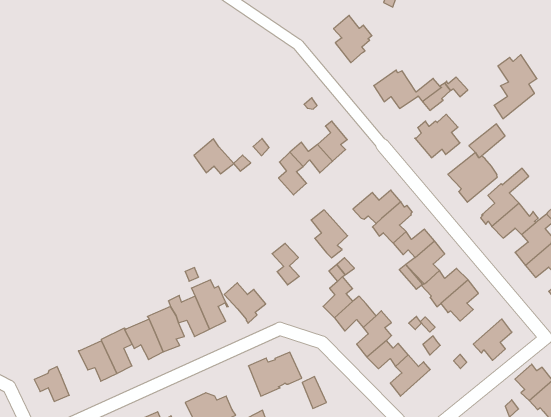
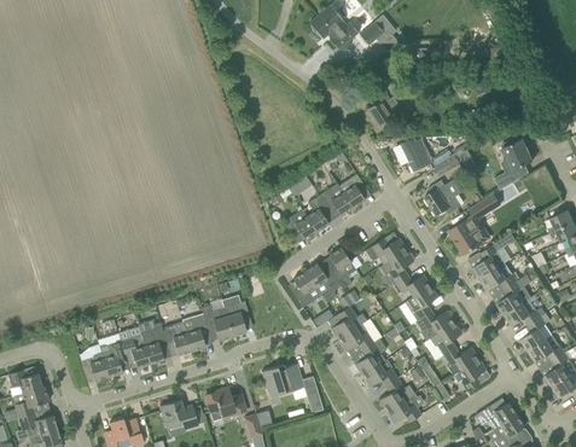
building: [194,139,234,174] -> [285,209,318,239]
building: [224,283,266,323] -> [306,263,339,298]
building: none -> [444,347,479,376]
building: none -> [100,341,127,377]
building: none -> [386,393,421,423]

